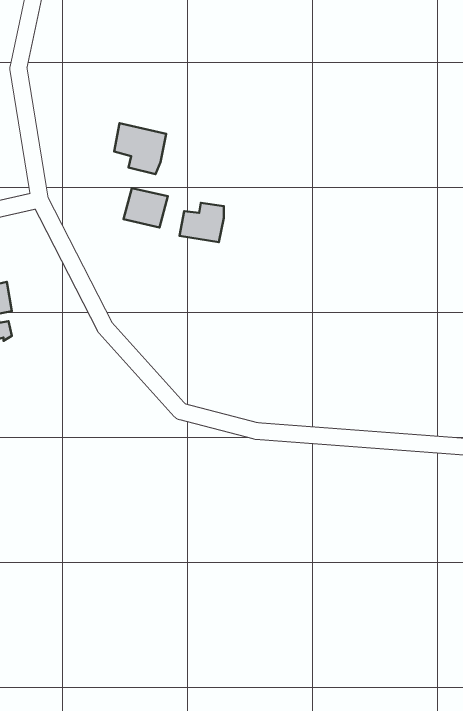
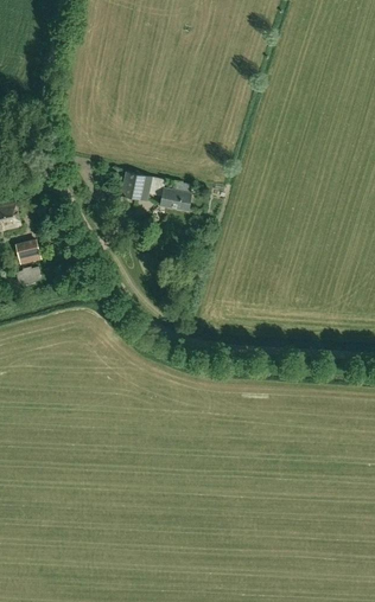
building: [114,123,166,174] -> none

